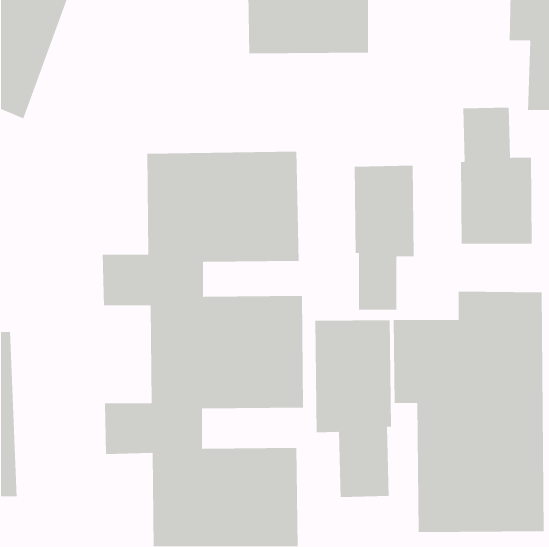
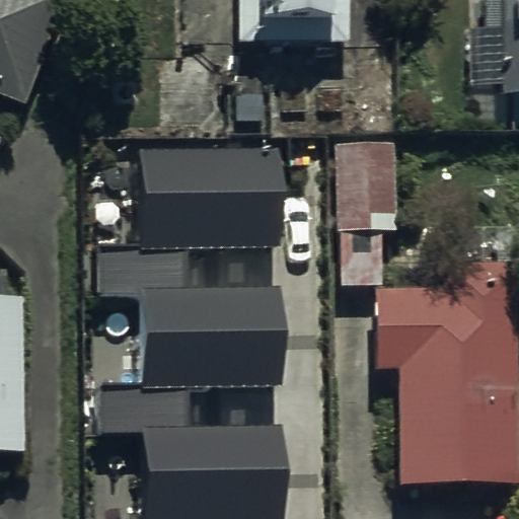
building: [460,107,533,244] -> none
building: [314,320,392,498] -> none

